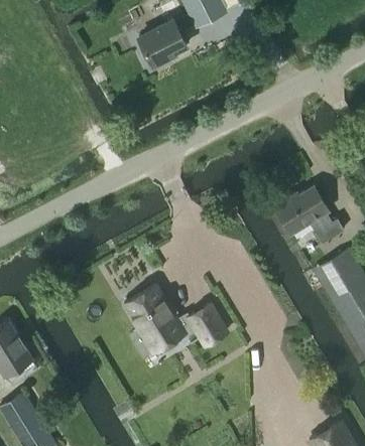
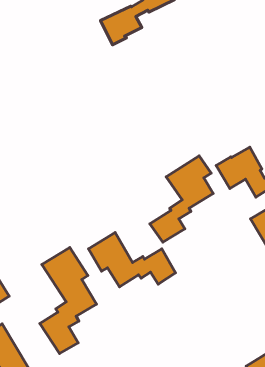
building: none -> [150,156,213,242]
building: none -> [40,247,97,353]

